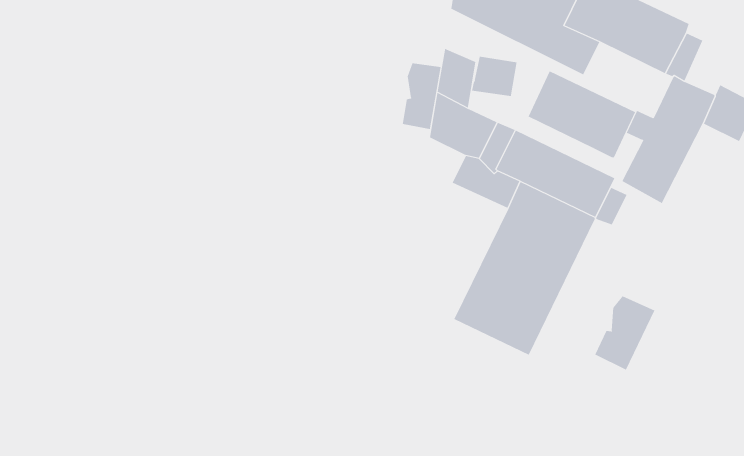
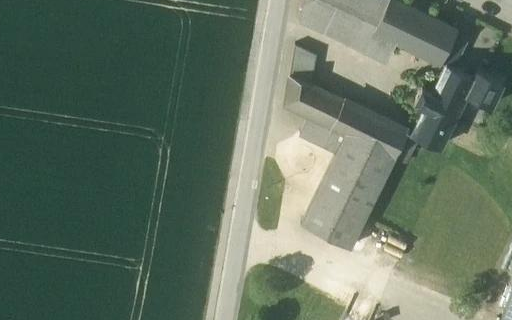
building: [471,56,517,97] -> none
building: [402,63,441,130] -> none
building: [528,70,636,158] -> none
building: [595,296,655,370] -> none

